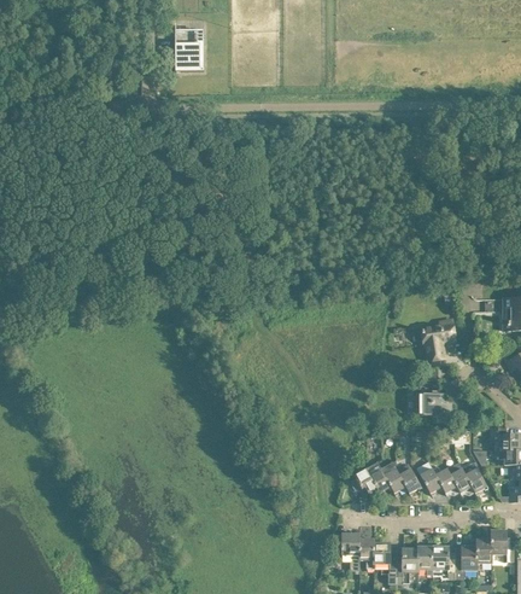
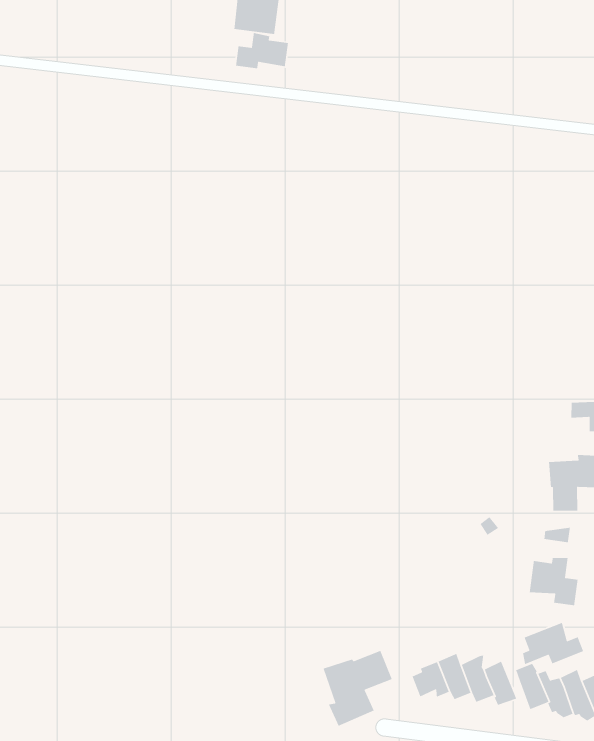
building: none -> [235,32,289,69]
building: none -> [522,622,584,665]
building: none -> [322,650,393,727]

